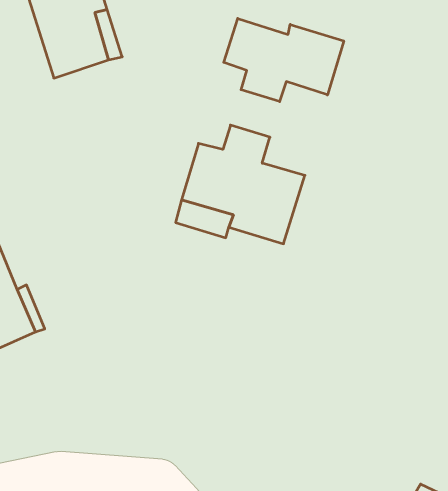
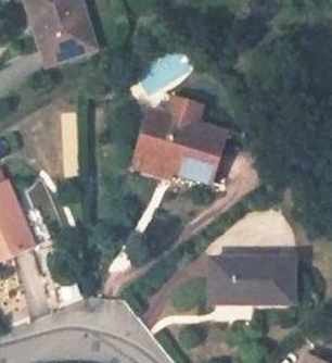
building: [224,18,344,102] -> none
building: none -> [209,259,292,302]

